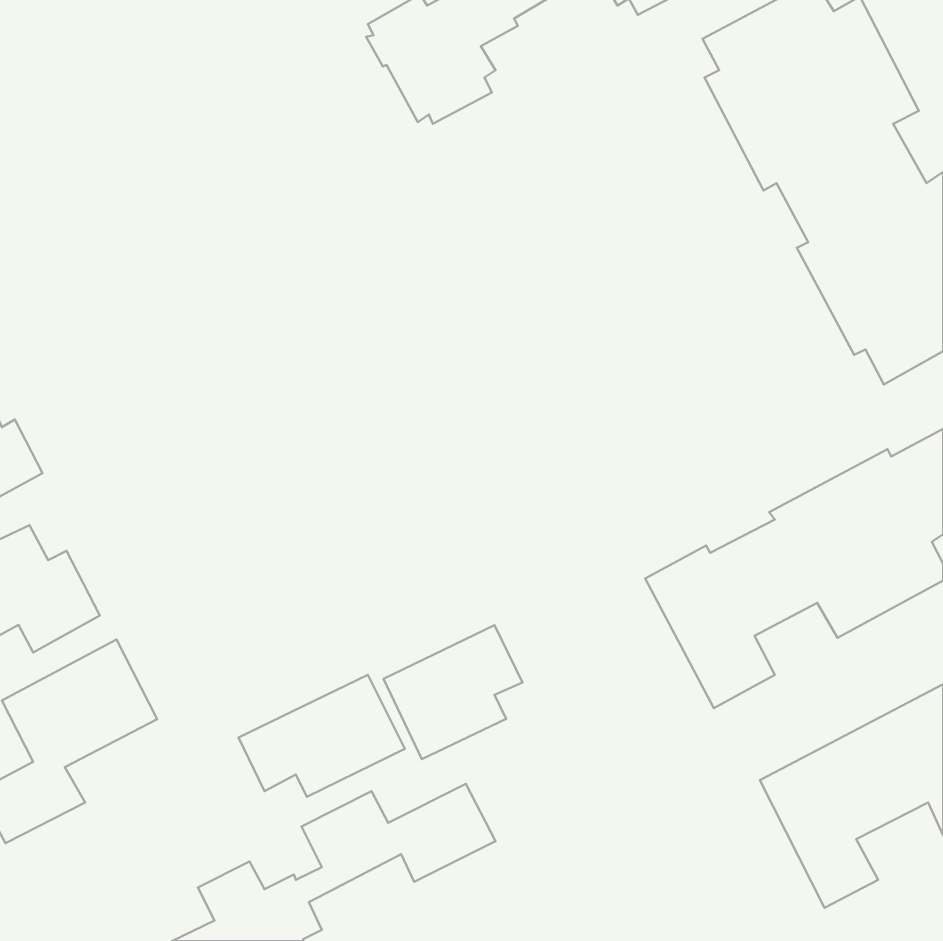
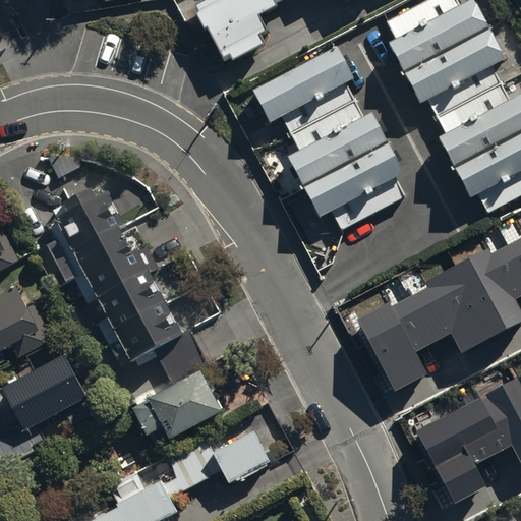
building: none -> [253,47,407,230]
building: none -> [35,189,205,397]
building: [384,625,523,759] -> none

